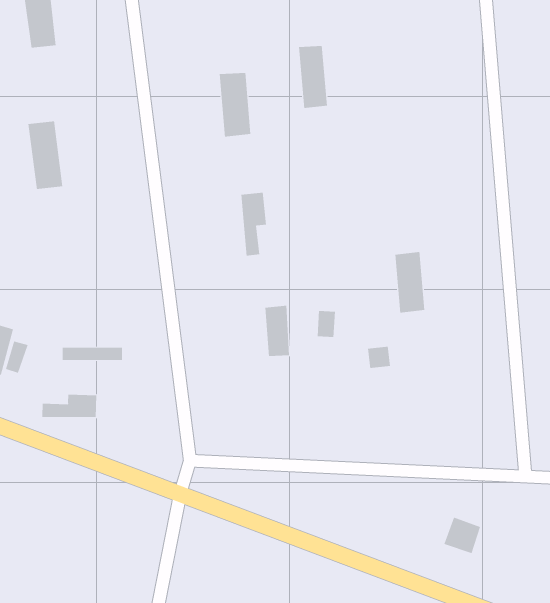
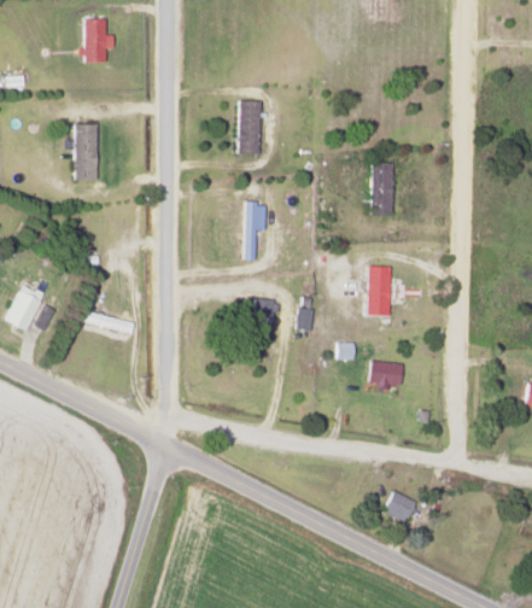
building: [298,46,328,108] -> [372,163,393,215]
building: none -> [368,359,404,388]
building: [42,394,97,418] -> none

